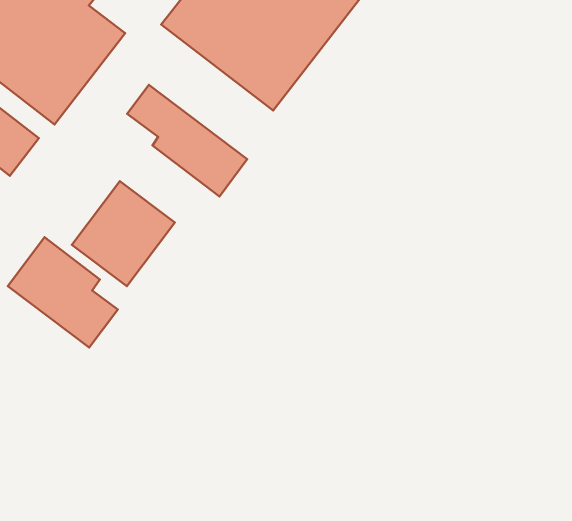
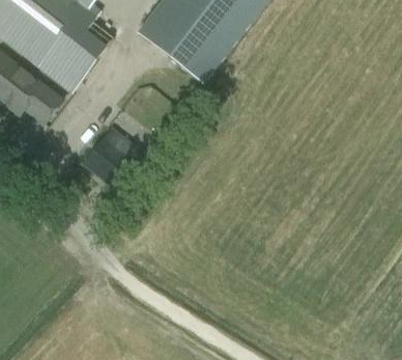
building: [127,85,247,197] -> none
building: [8,237,118,348] -> none

